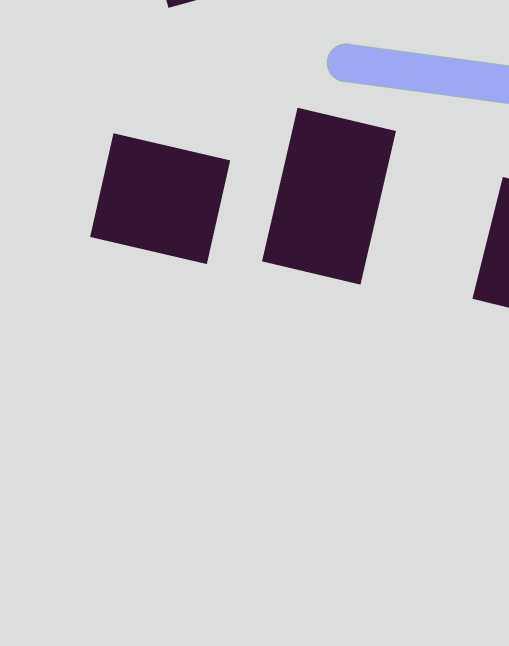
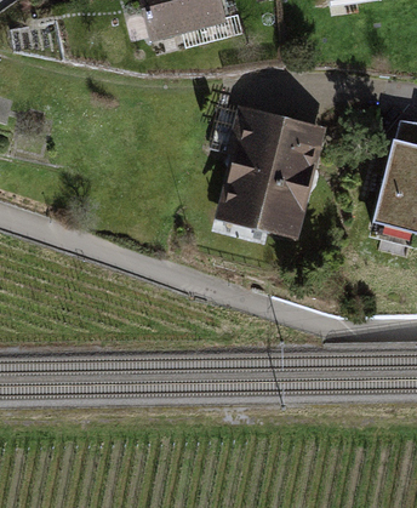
building: [89,133,231,265] -> none

